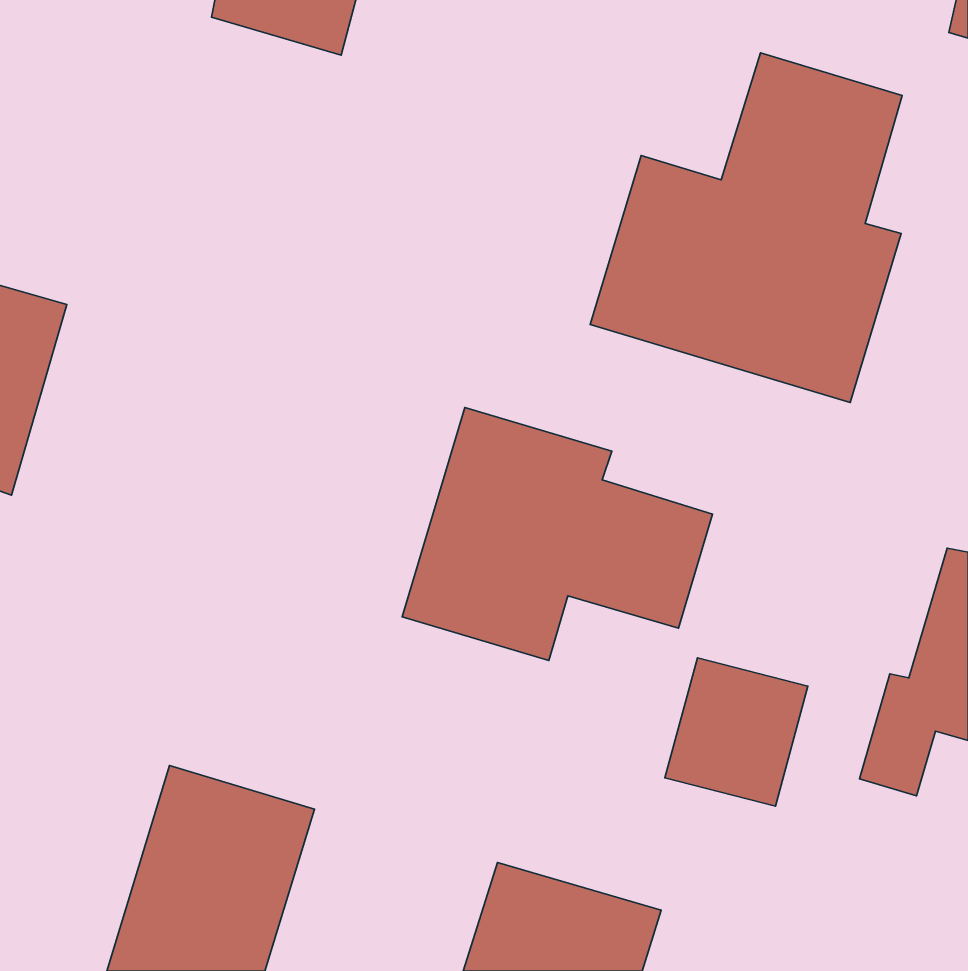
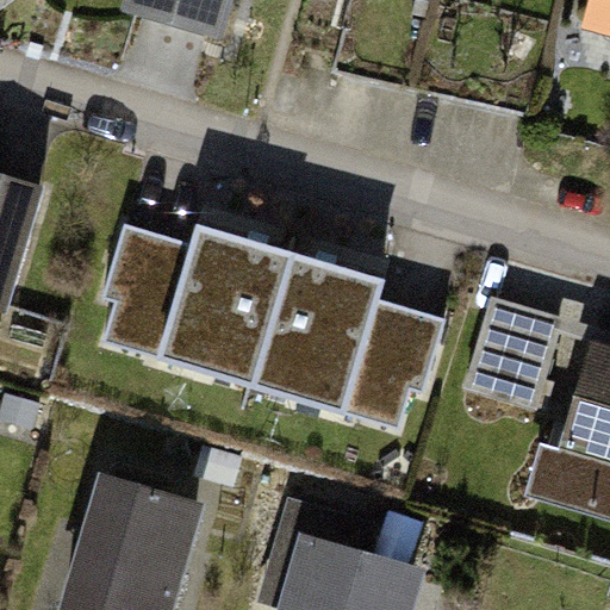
building: [590,53,902,402] -> none
building: none -> [105,225,291,386]
building: [665,658,808,806] -> [468,313,558,406]

